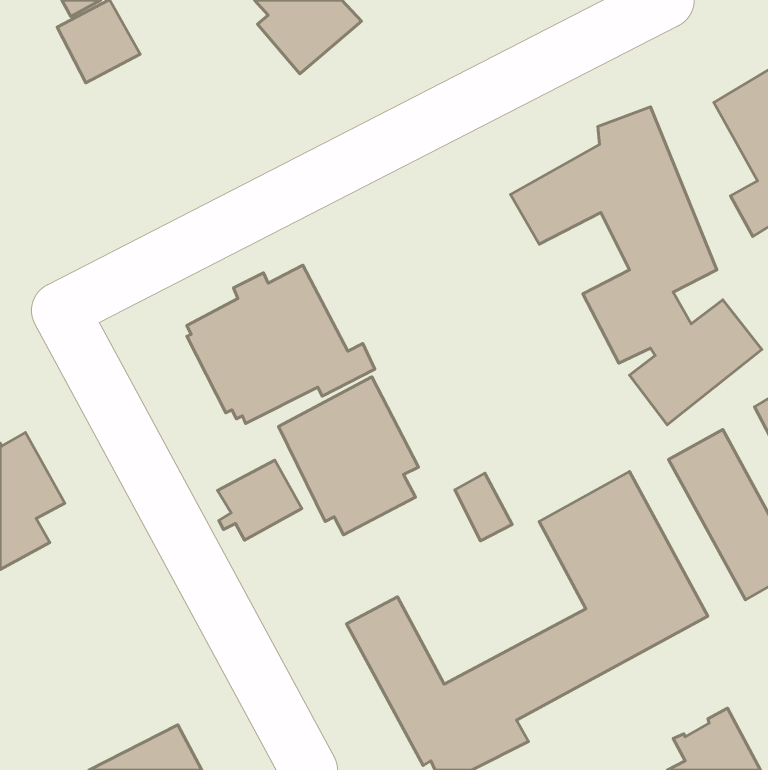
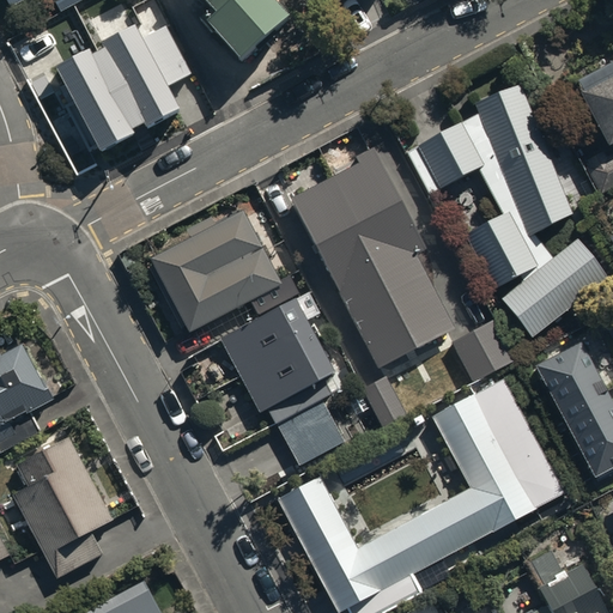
building: none -> [61,36,183,165]
building: none -> [292,146,454,368]
building: none -> [450,320,516,383]
building: [217,460,302,540] -> [279,402,346,466]
building: none -> [13,436,113,577]

